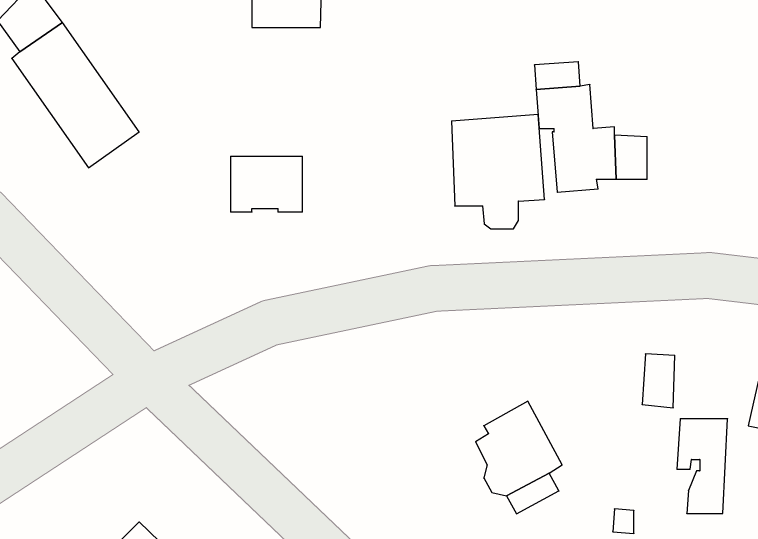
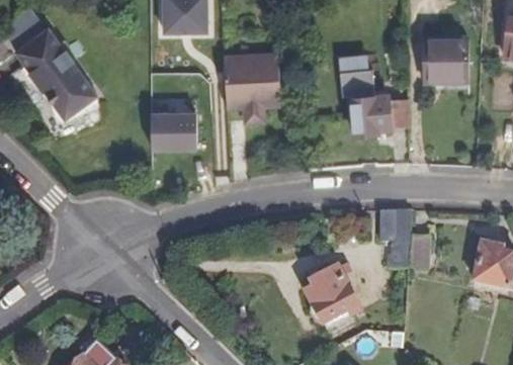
building: none -> [422,37,468,80]
building: [452,114,545,229] -> [224,52,281,122]
building: [677,419,728,513] -> [377,209,409,268]

